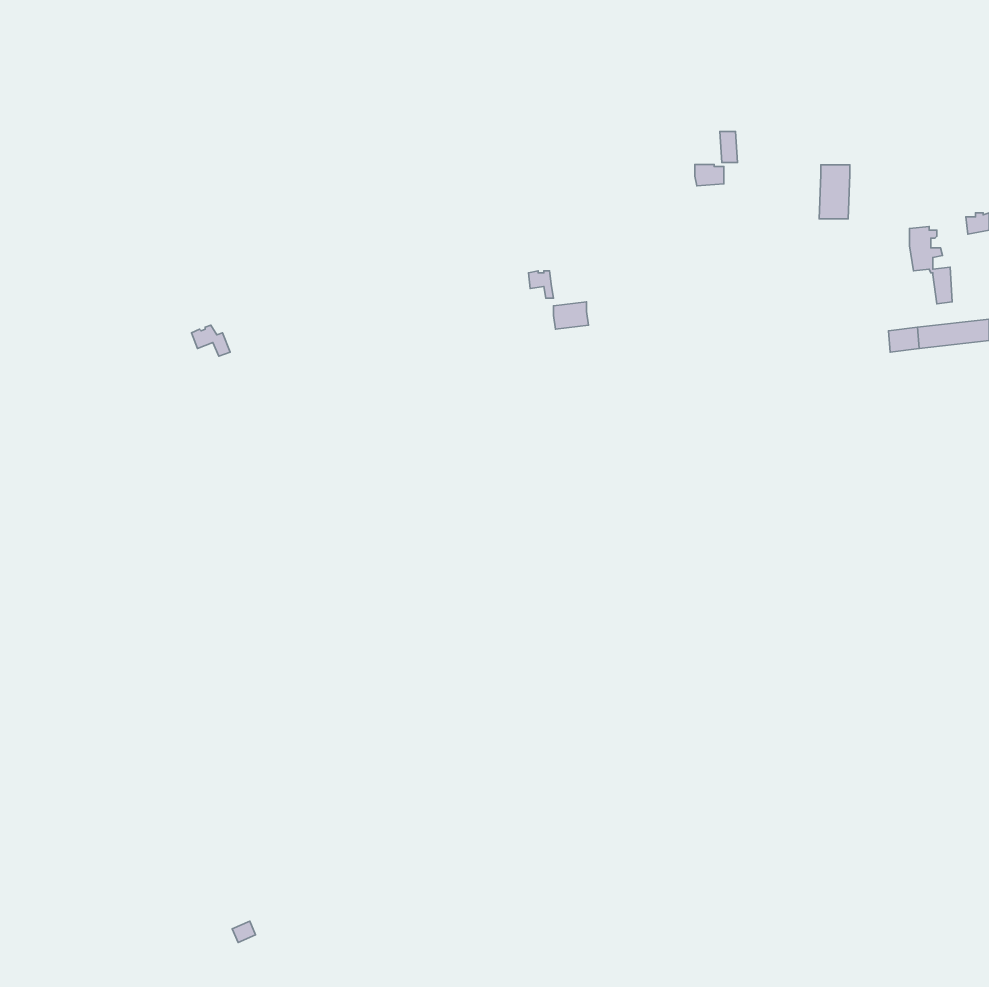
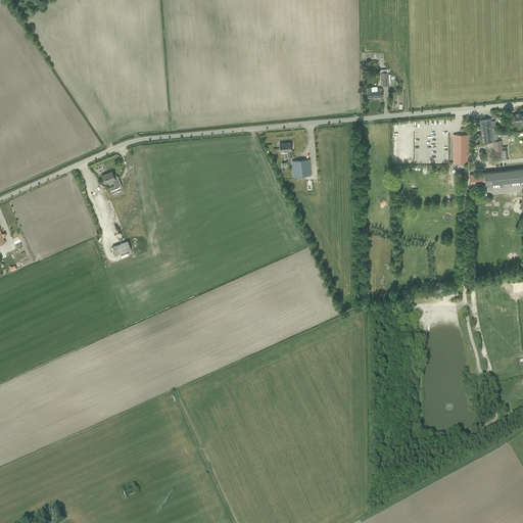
building: [819,165,850,219] -> [453,136,469,164]

